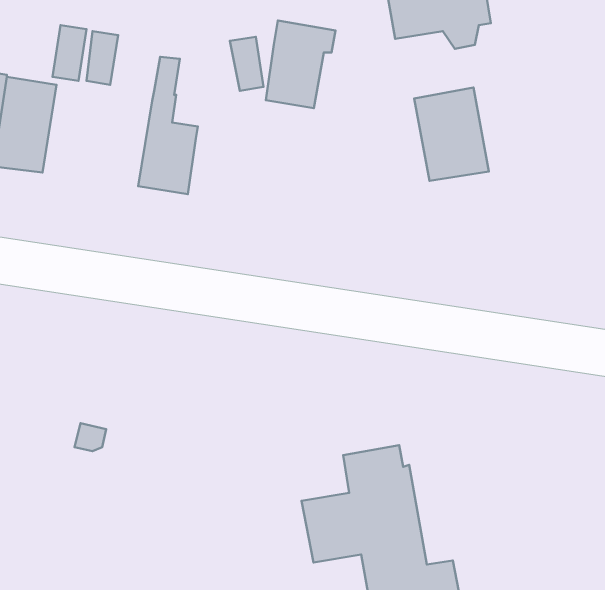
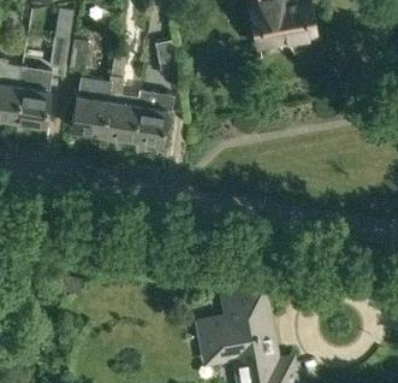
building: [266,21,336,108] -> [131,89,173,142]
building: [414,87,489,181] -> none
building: none -> [71,76,109,132]

